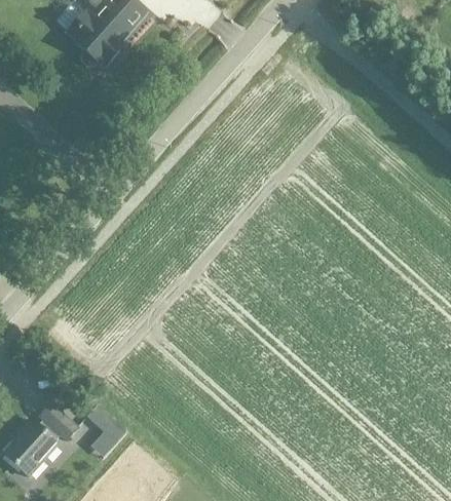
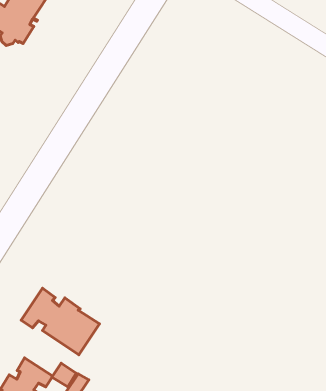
building: none -> [21,288,99,355]

